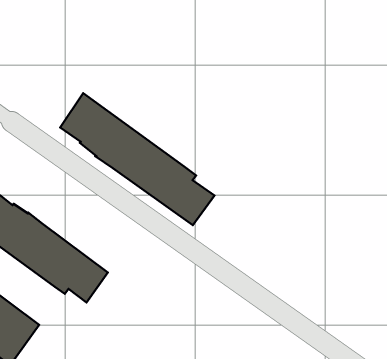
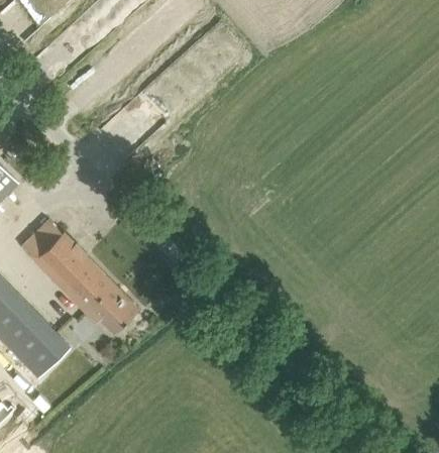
building: [60,93,215,225] -> none

